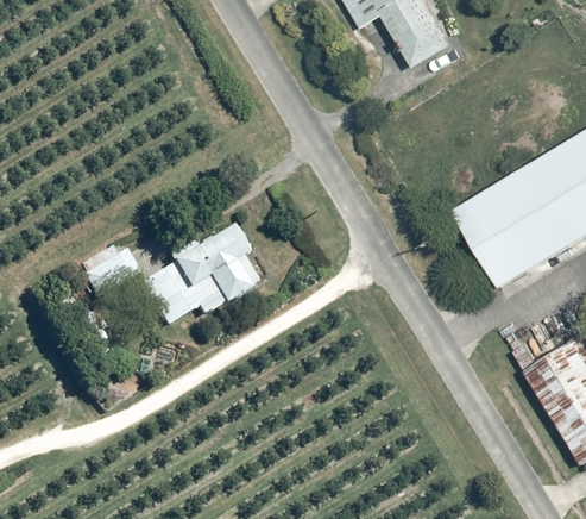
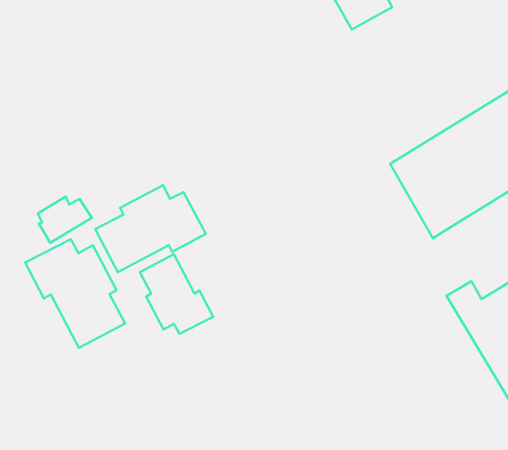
building: none -> [25,239,125,348]
building: none -> [140,254,213,334]

